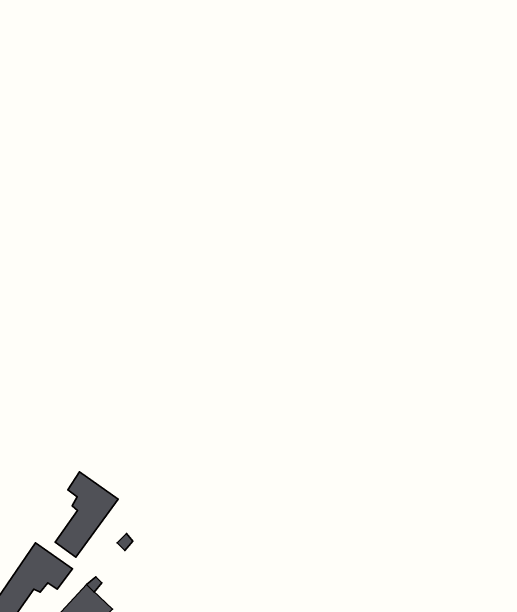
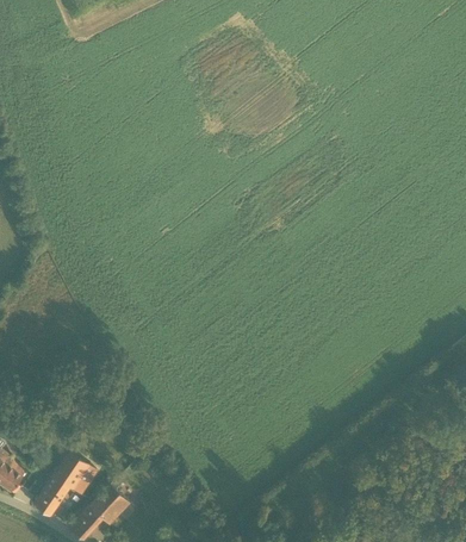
building: [55,472,118,557] -> none

